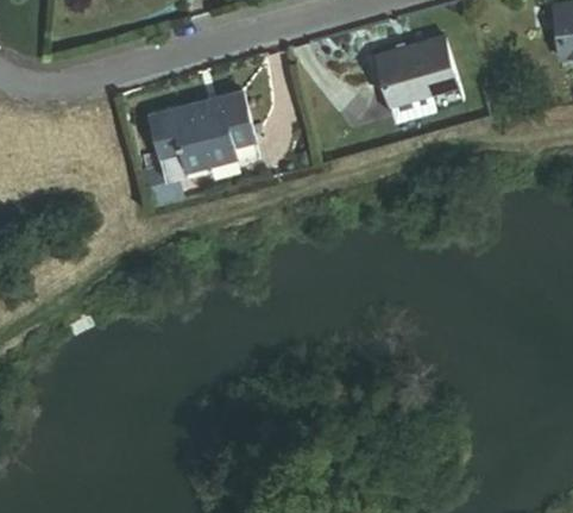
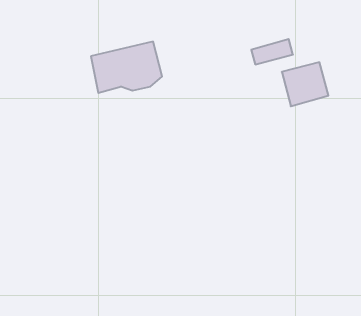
building: [372,39,440,104] -> [282,62,328,106]

